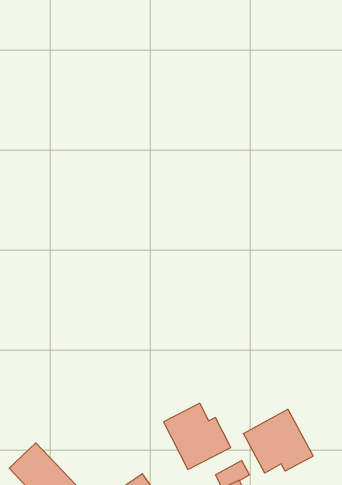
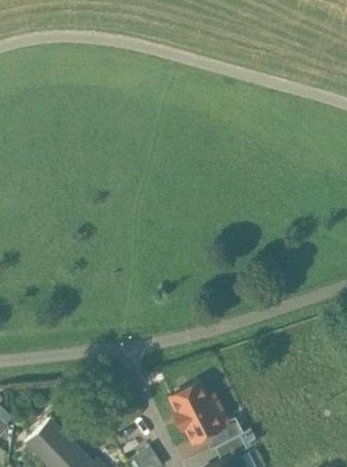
building: [243,409,313,473] -> none

